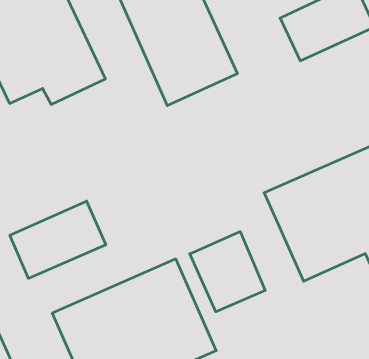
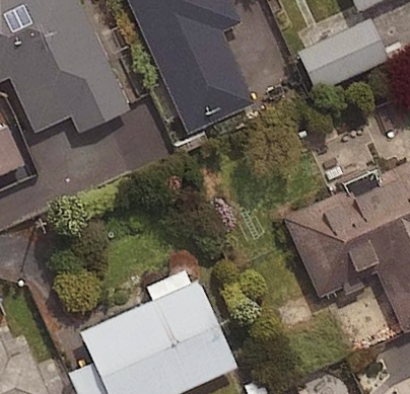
building: [10,201,106,278] -> none
building: [190,232,265,312] -> none

